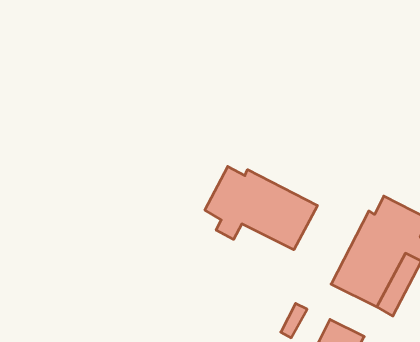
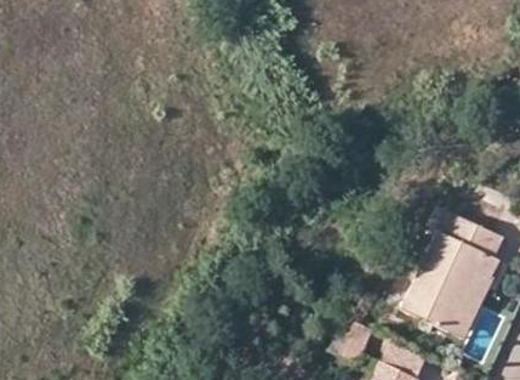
building: [205,166,317,250] -> none

